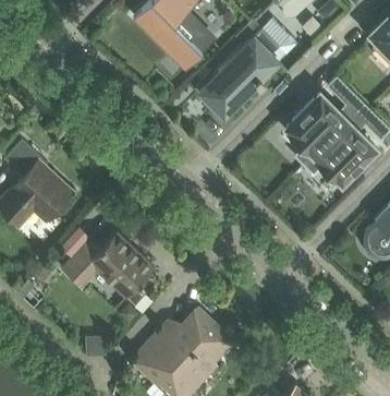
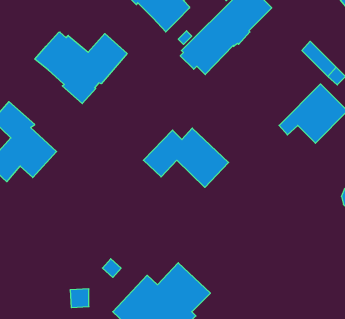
building: none -> [35,32,127,104]
building: [285,95,348,166] -> none
building: [63,232,153,295] -> [143,128,229,187]

